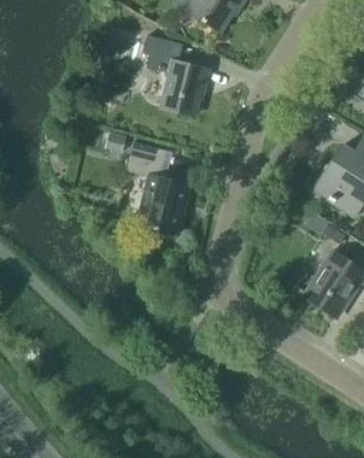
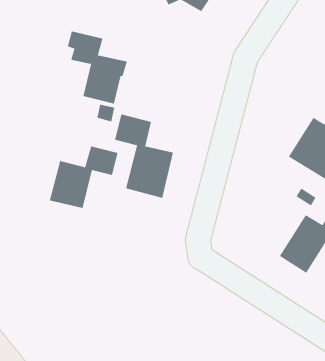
building: [143,34,210,114] -> [67,30,128,104]
building: none -> [49,145,118,209]

